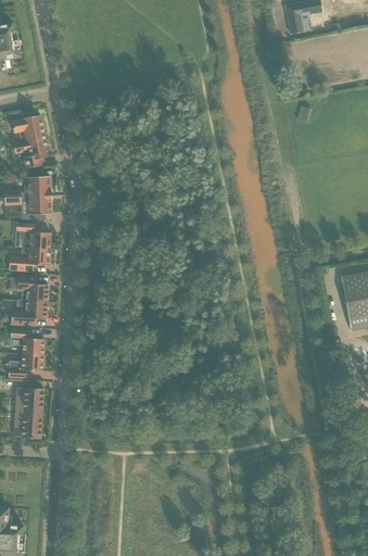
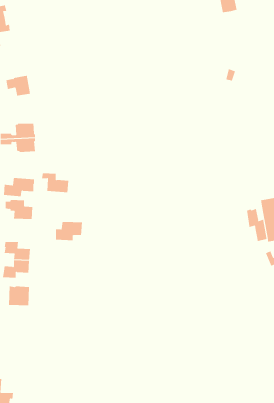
building: [12,138,46,168] -> none
building: [14,223,50,249] -> [41,173,69,193]
building: none -> [247,208,267,242]
building: [10,300,46,325] -> [55,221,83,241]
building: [13,412,41,438] -> none

